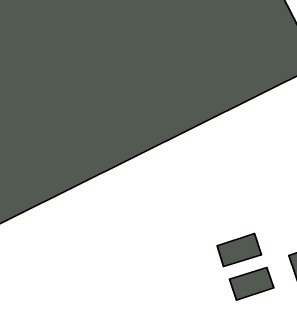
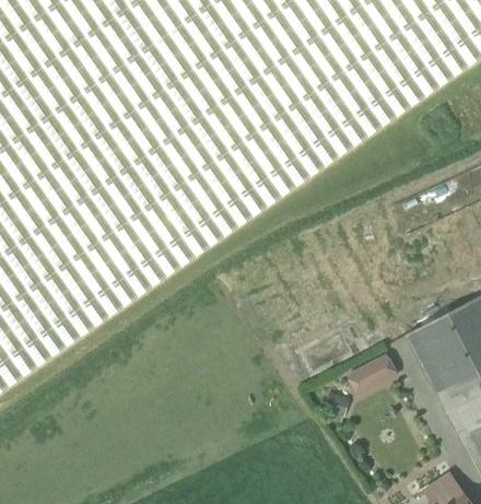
building: [217,234,261,267] -> none

